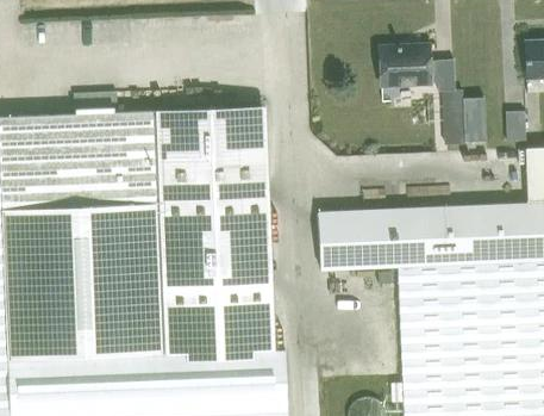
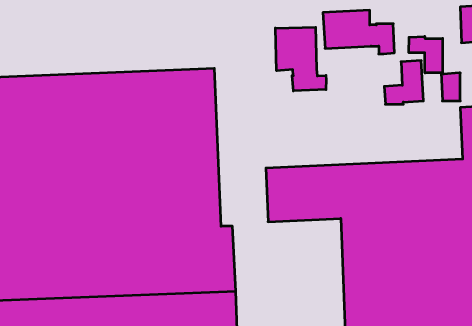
building: none -> [275,27,326,91]
building: none -> [409,36,443,73]

